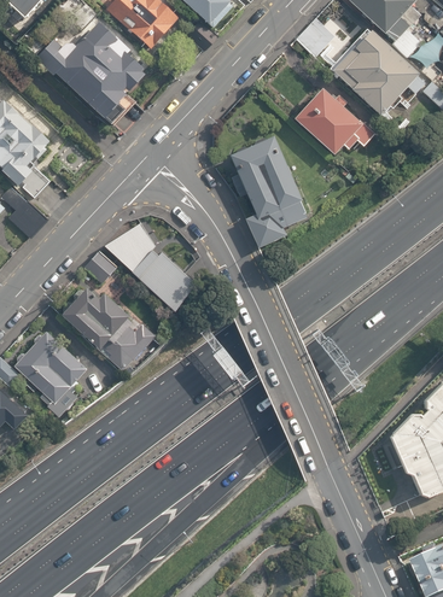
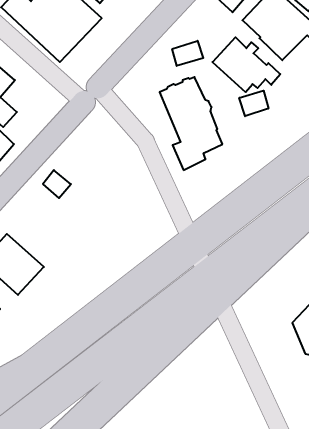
building: none -> [172,41,203,66]
building: none -> [239,91,268,116]
building: [106,226,198,309] -> none
building: [63,288,152,373] -> none

